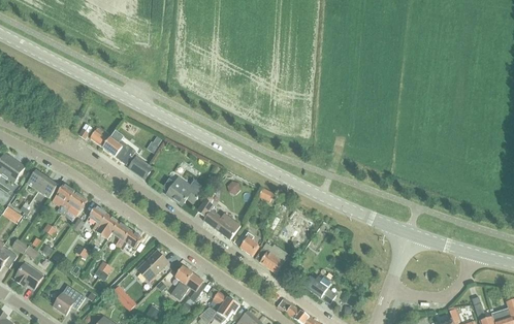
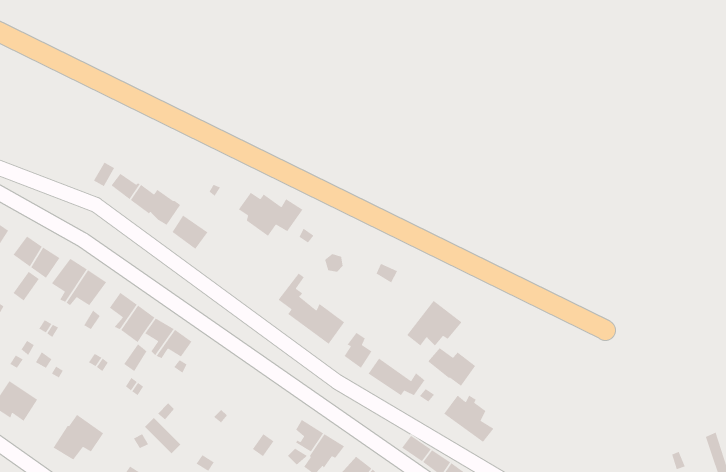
building: [161,175,203,204] -> [238,192,304,237]
building: none -> [427,347,476,387]
building: [137,250,167,280] -> none
building: [170,265,202,299] -> none

